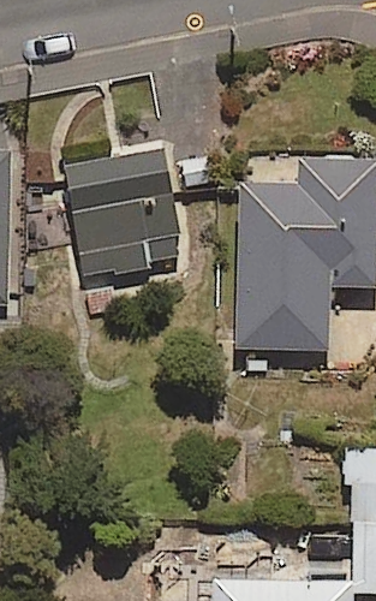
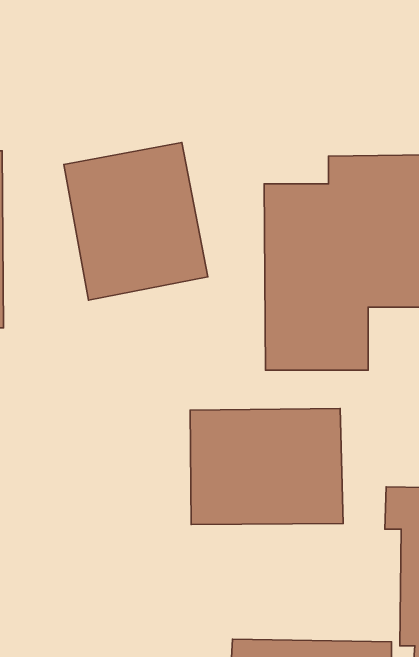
building: none -> [190,408,343,524]

